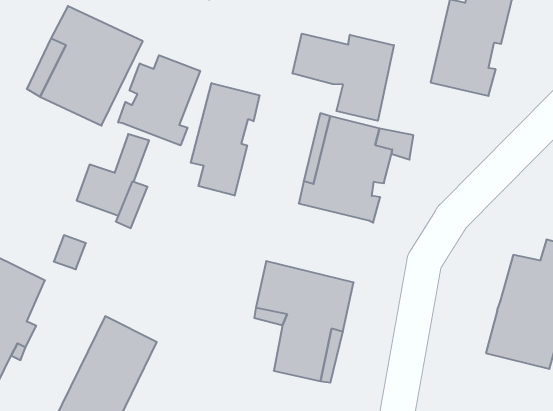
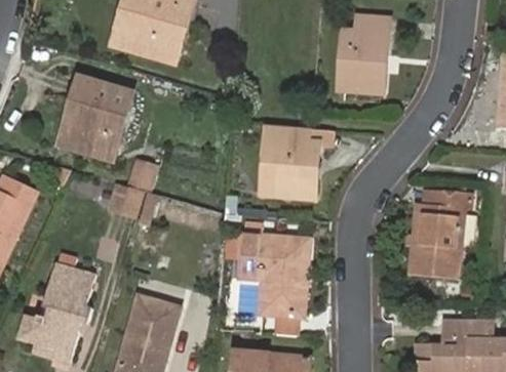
building: [293,34,394,121] -> none
building: [118,55,200,145] -> none
building: [191,83,259,196] -> none

